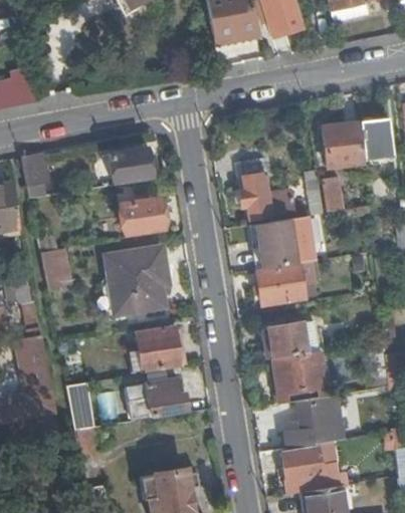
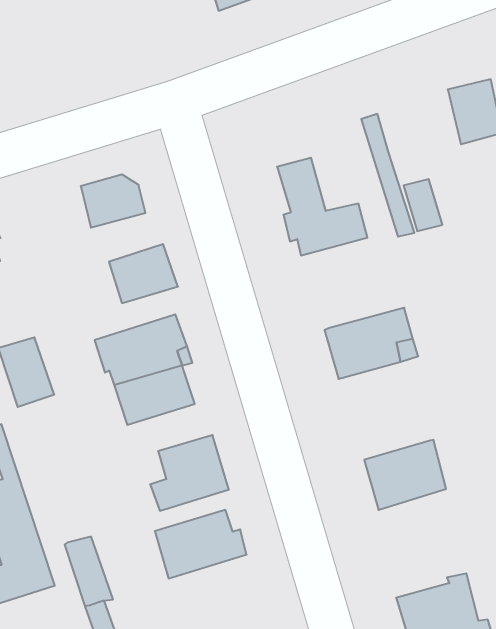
building: [322,120,363,167] -> none
building: [252,214,311,267] -> none
building: [260,321,317,357] -> none
building: [283,395,342,446] -> none

